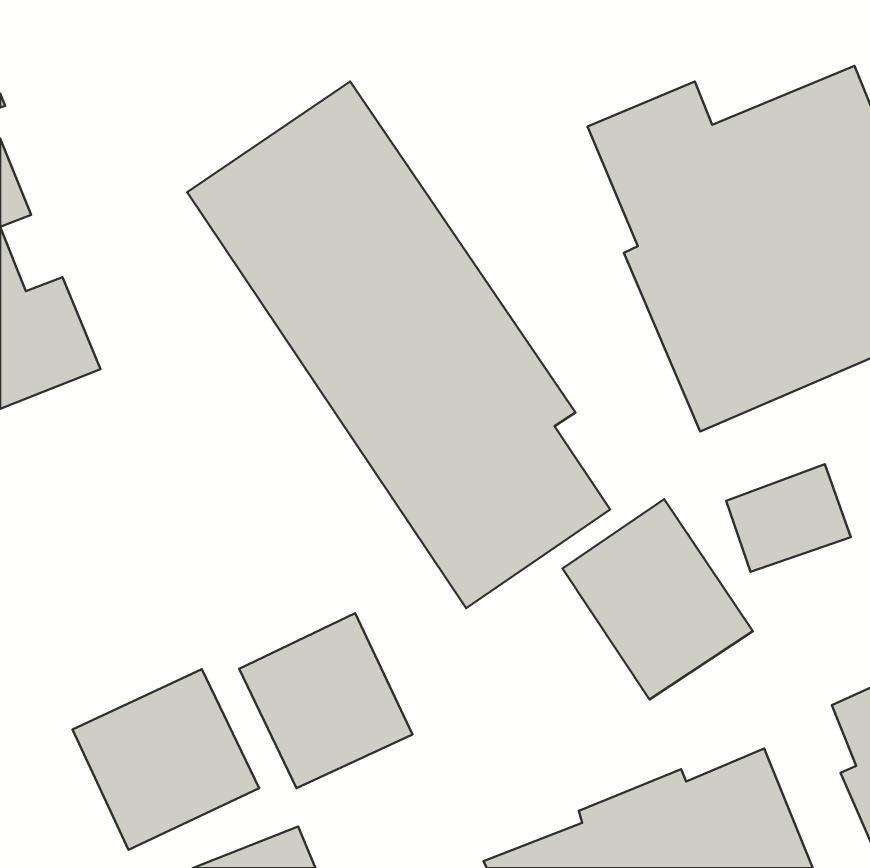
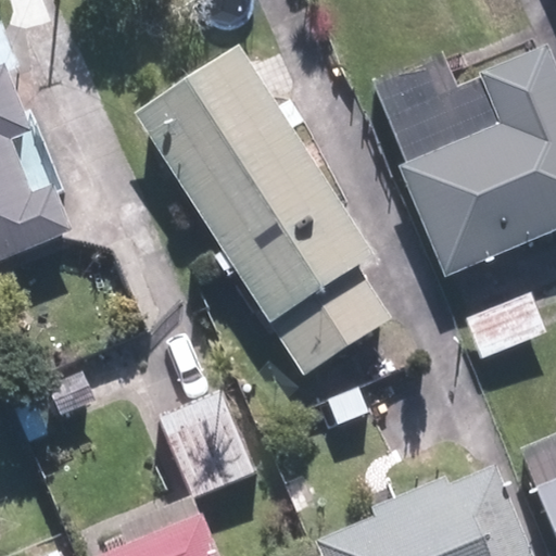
building: [563,499,753,700] -> none
building: [72,669,259,850] -> none

